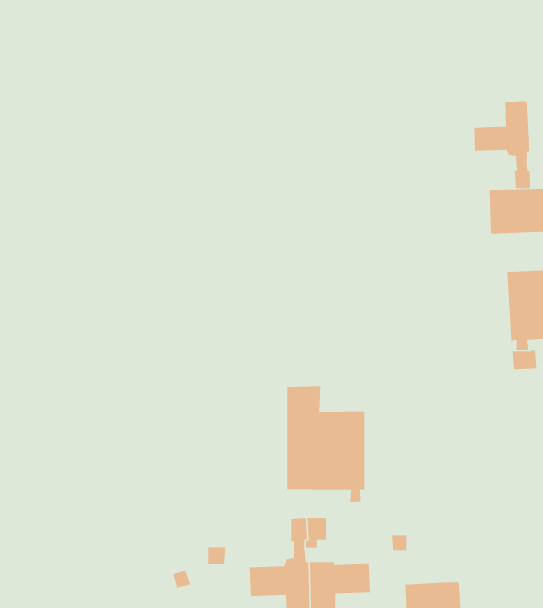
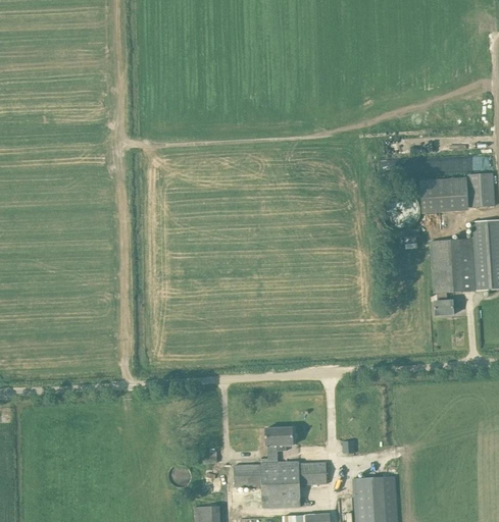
building: [474,101,530,189] -> none
building: [287,385,365,503] -> none

